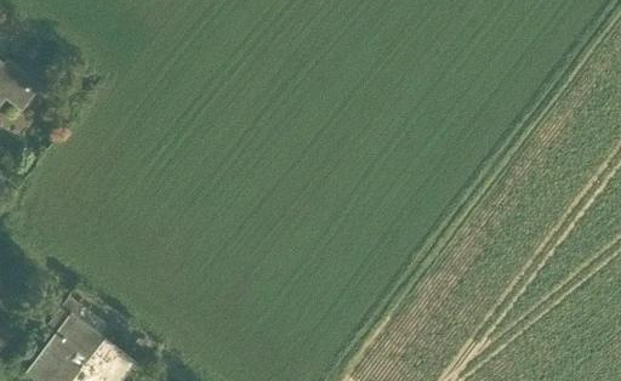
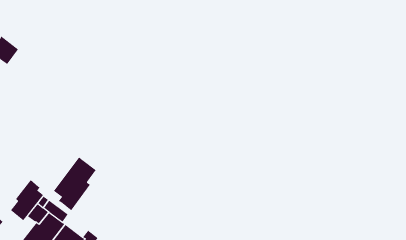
building: none -> [53,157,96,211]
building: none -> [10,179,44,221]

